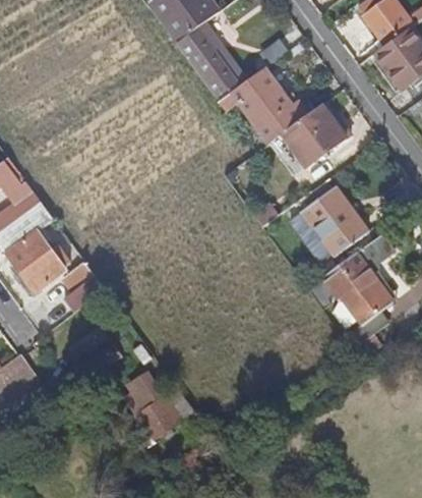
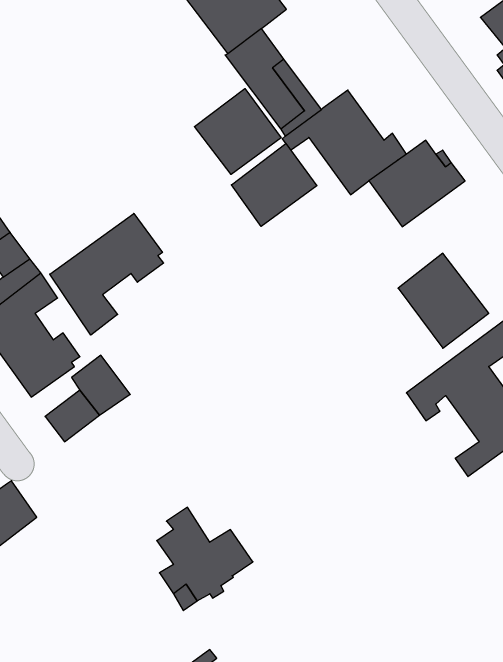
building: none -> [194,89,281,174]
building: none -> [231,144,317,226]
building: none -> [50,213,164,335]

